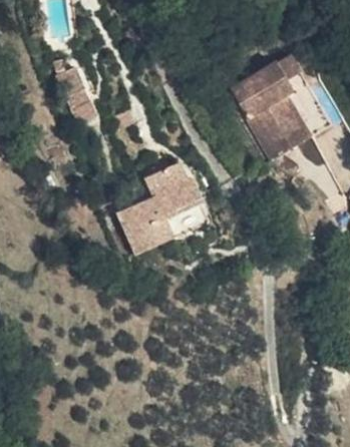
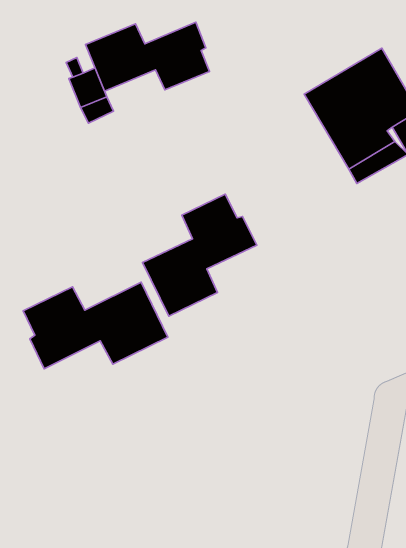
building: none -> [85,22,209,91]
building: none -> [23,282,168,369]

